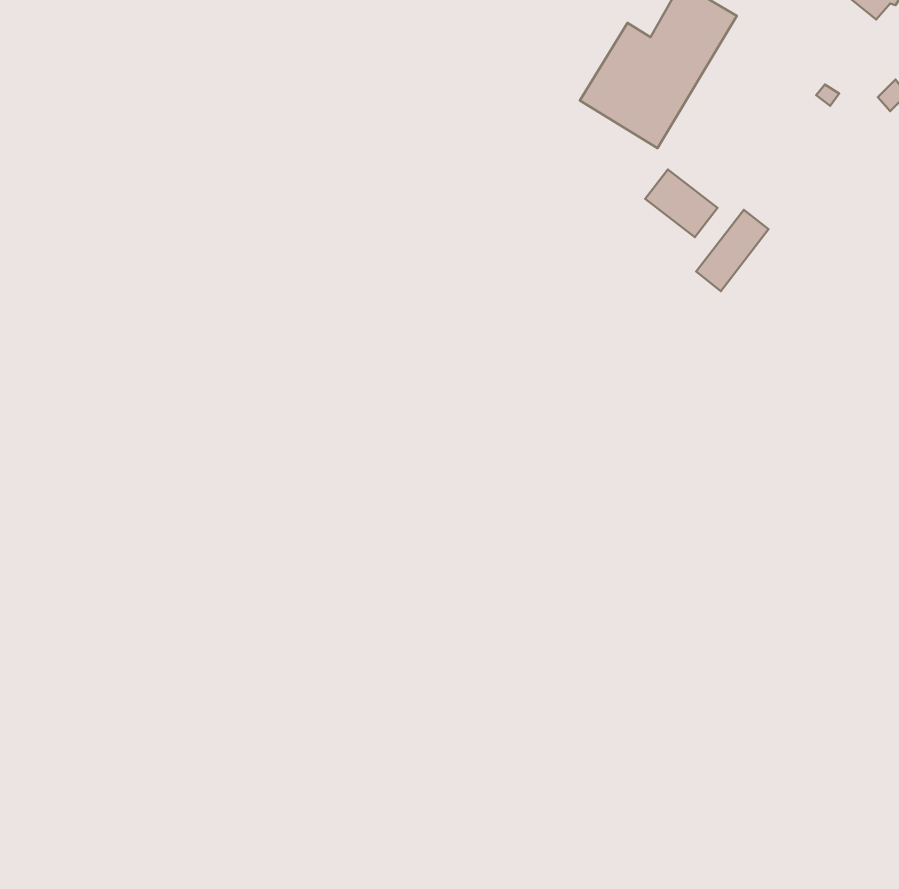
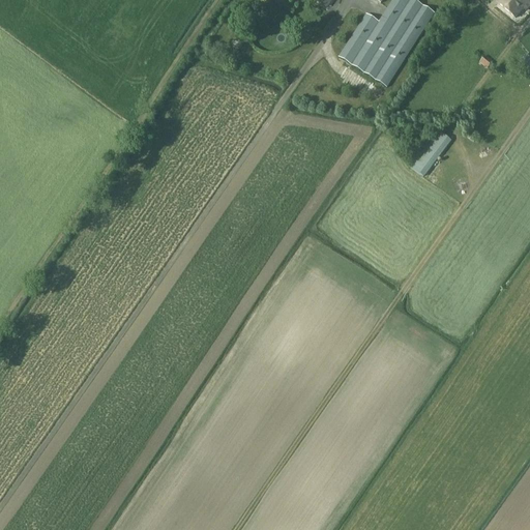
building: [645,169,717,237] -> none

